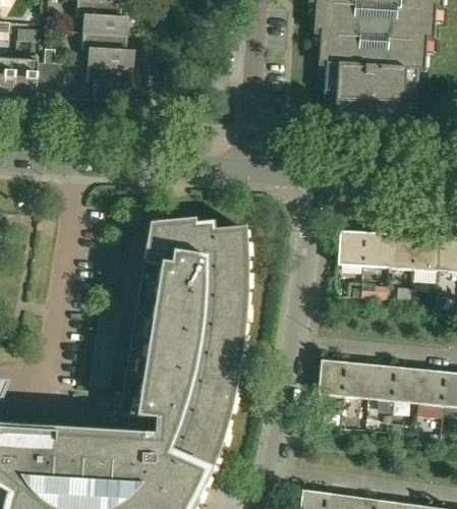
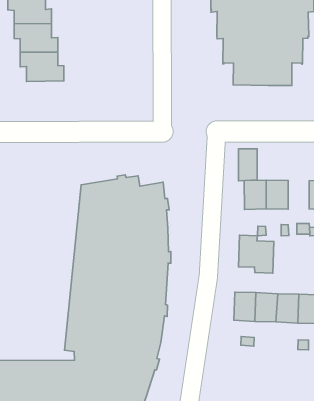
building: none -> [238,149,257,181]
building: [389,235,415,270] -> none
building: none -> [239,235,274,273]

